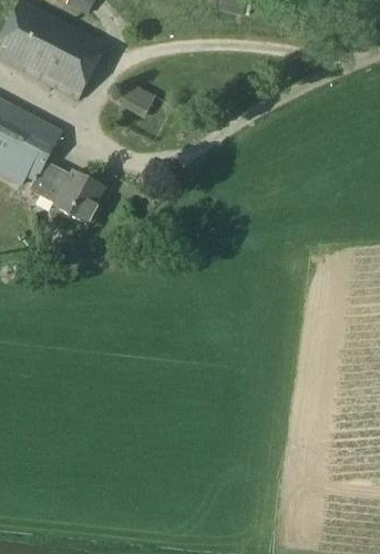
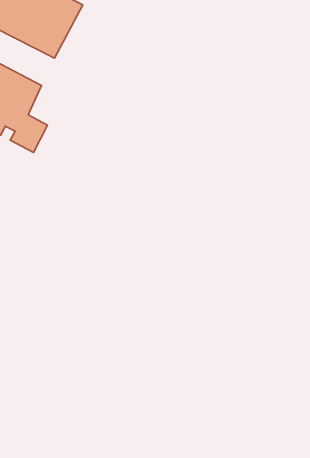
building: [119,82,155,117] -> none
building: [54,172,104,225] -> none

